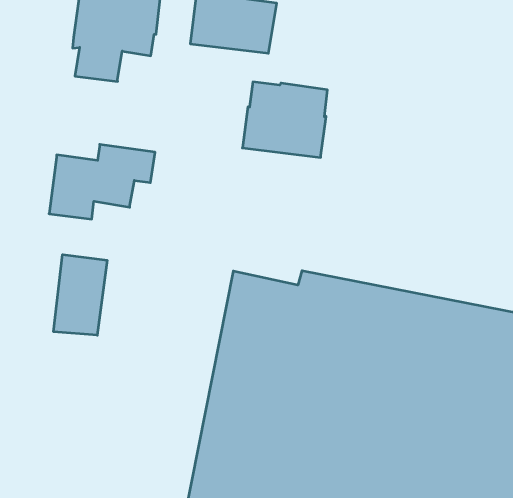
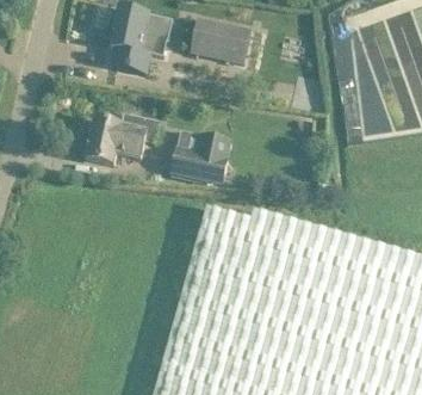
building: [242,82,327,157] -> [170,131,231,186]
building: [54,255,107,335] -> none

